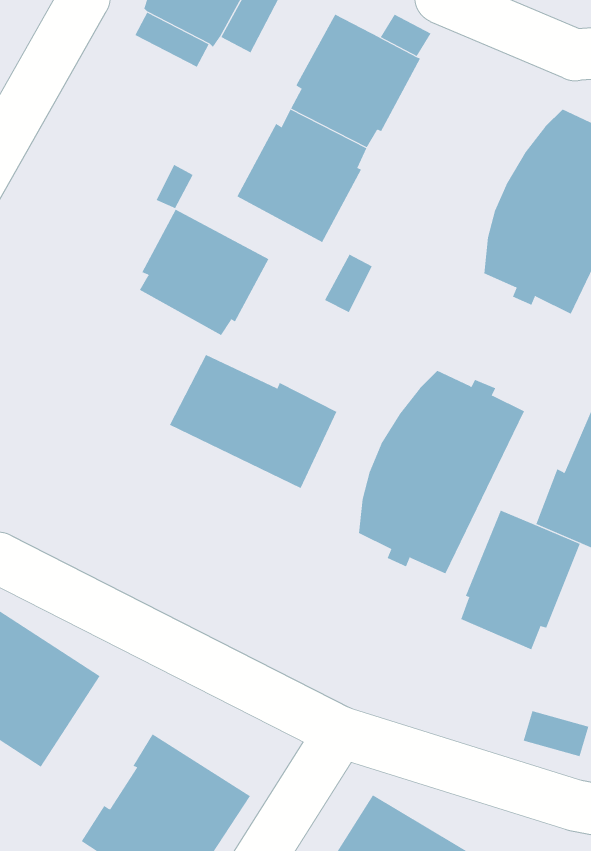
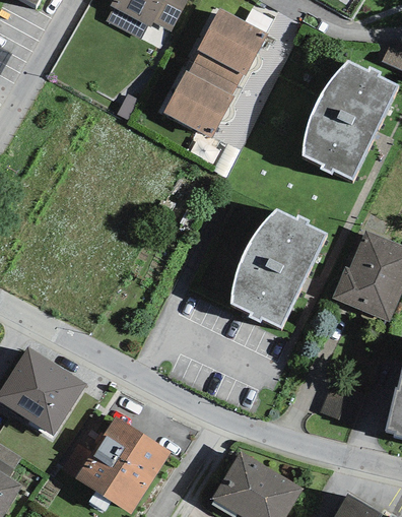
building: [139,209,269,336] -> none
building: [169,354,337,489] -> none
building: [460,510,580,650] -> none

